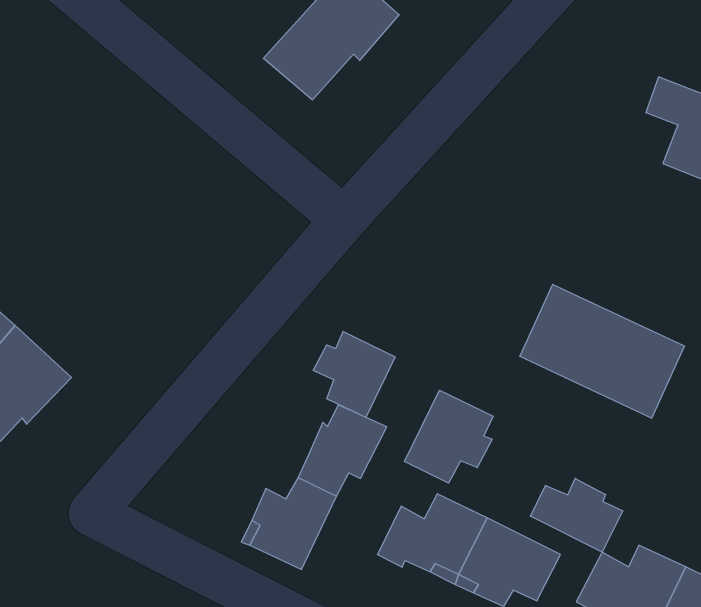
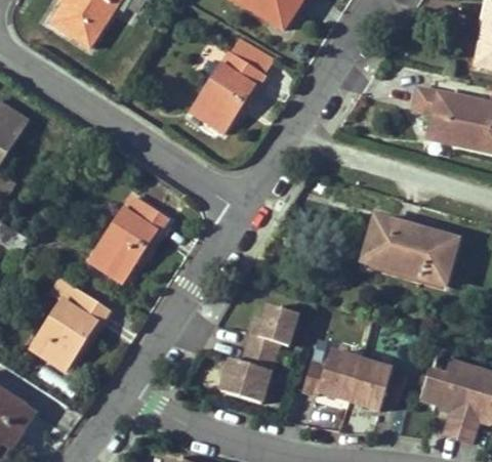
building: none -> [92,198,168,281]
building: [313,331,395,417] -> none
building: [405,390,493,483] -> none
building: [530,478,623,552] -> none

